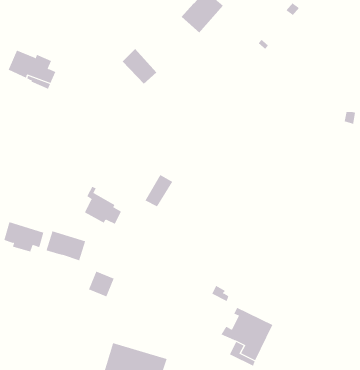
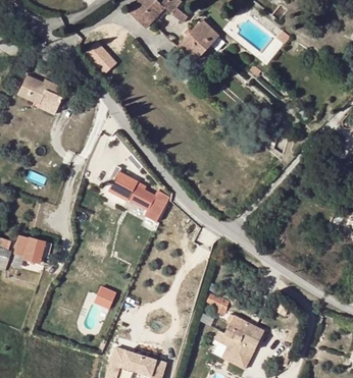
building: [122,48,157,85] -> [87,39,119,72]
building: [84,186,122,225] -> [109,166,144,202]
building: [46,230,86,261] -> none

